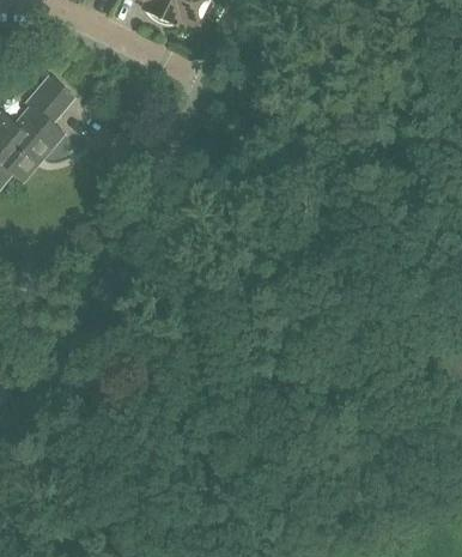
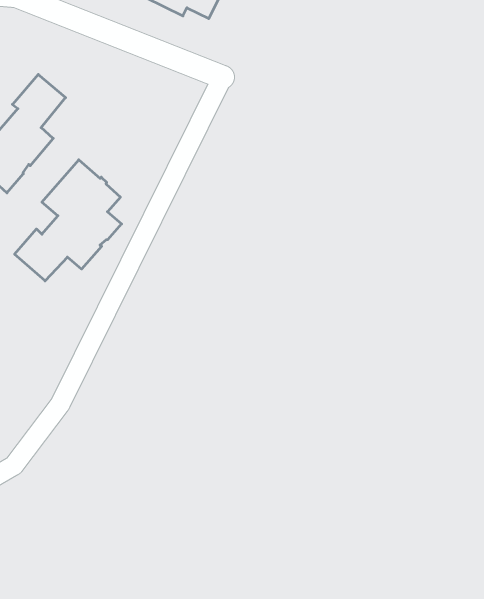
building: none -> [15,160,122,281]

